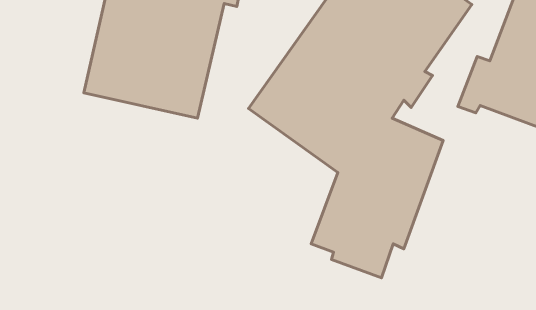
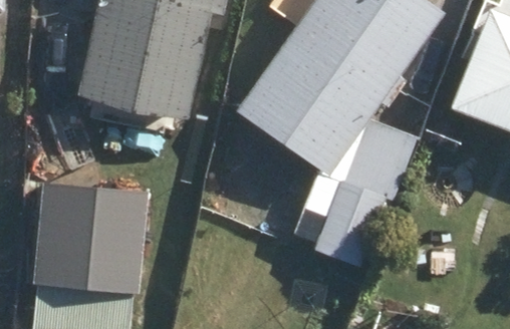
building: none -> [37,184,146,288]

